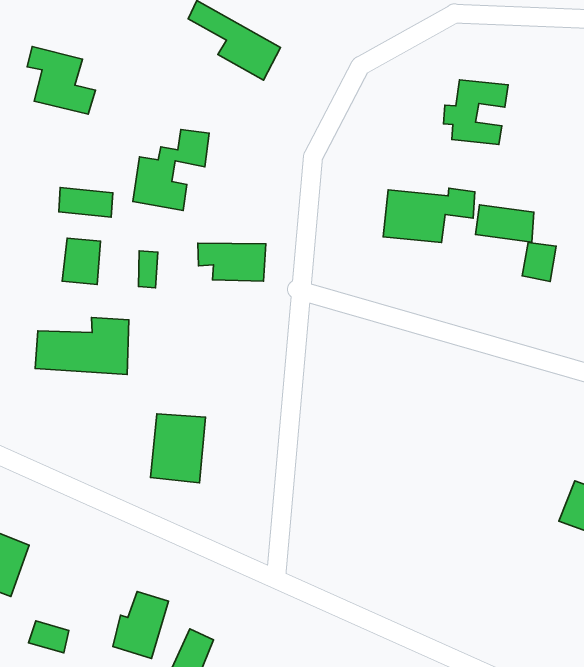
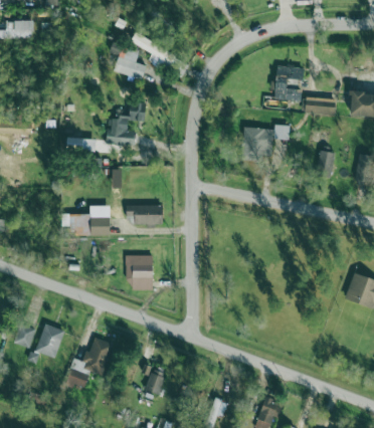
building: [27,46,95,114] -> [110,44,147,78]
building: [476,205,534,242] -> [306,96,336,115]
building: [62,238,101,285] -> none
building: [198,243,266,281] -> [127,204,163,225]
building: [113,592,169,658] -> [83,339,112,374]

